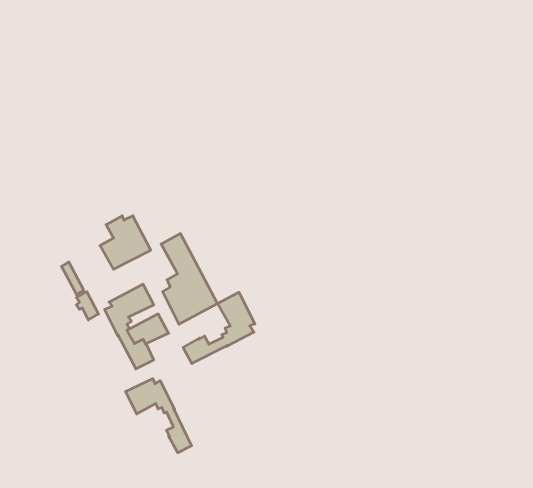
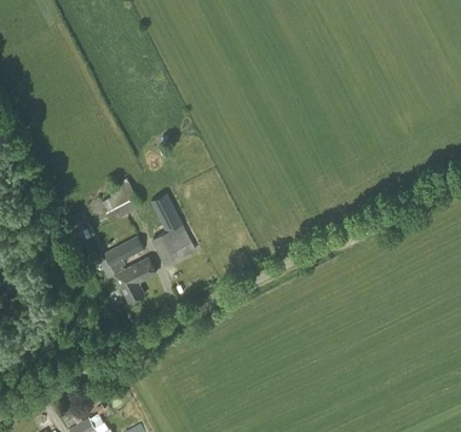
building: [183,292,255,364] -> none
building: [126,379,192,453] -> none

